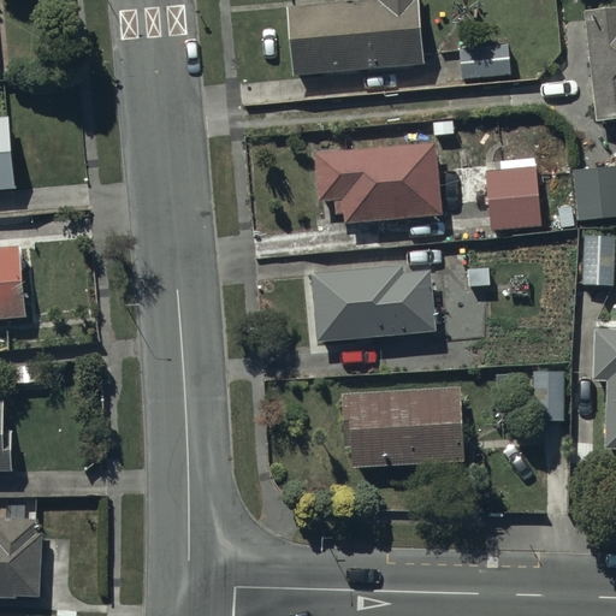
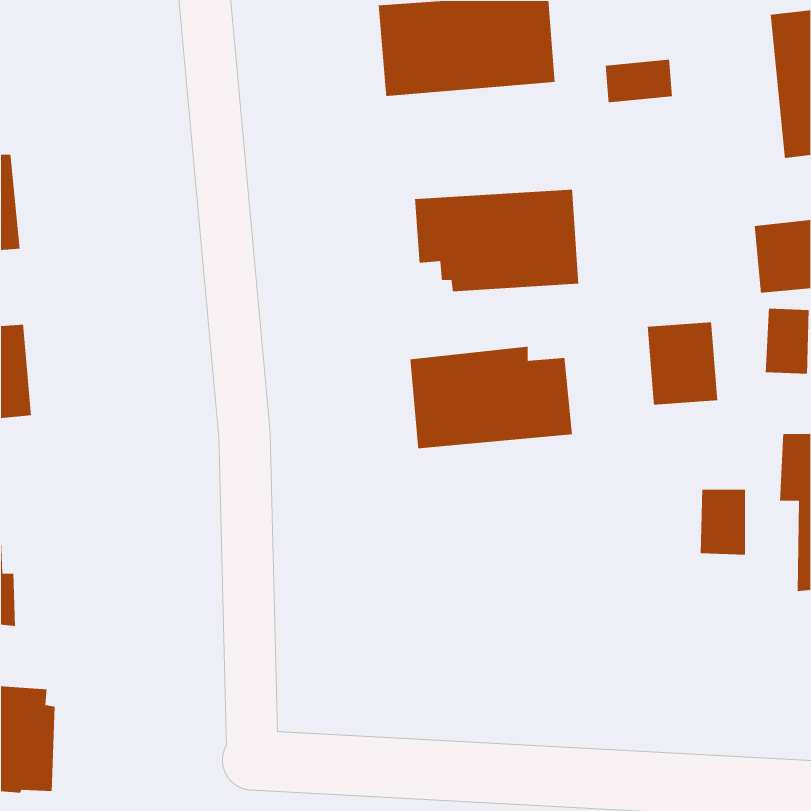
building: [486,167,540,231] -> [647,322,718,406]
building: [340,386,463,466] -> none

